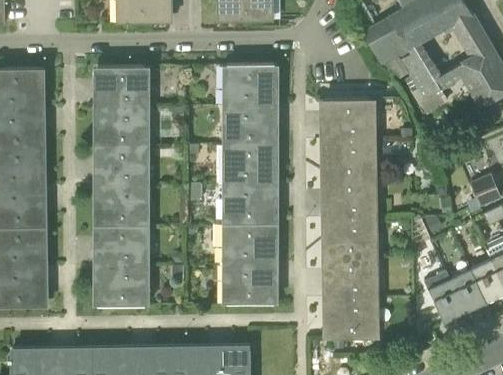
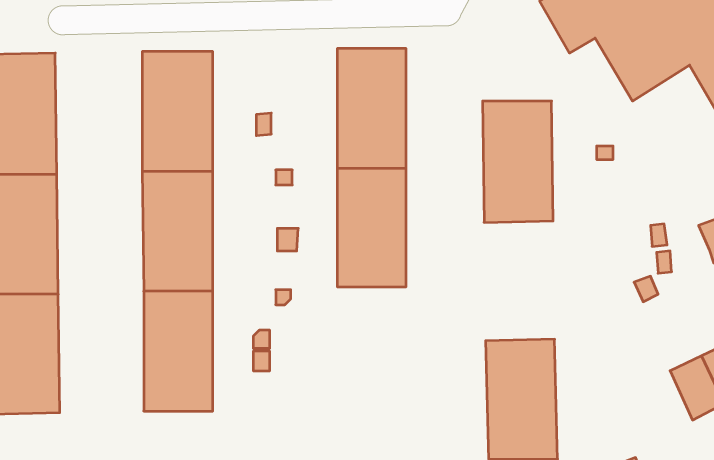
building: [326,179,373,259] -> none
building: [228,223,274,304] -> none
building: [429,279,465,322] -> none

